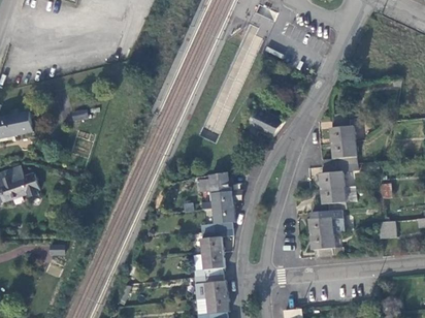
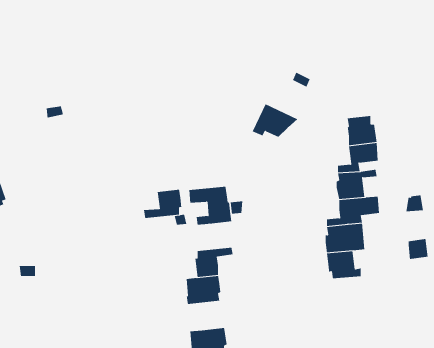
building: [200,208,233,232] -> [143,189,182,218]
building: [193,275,225,299] -> none

